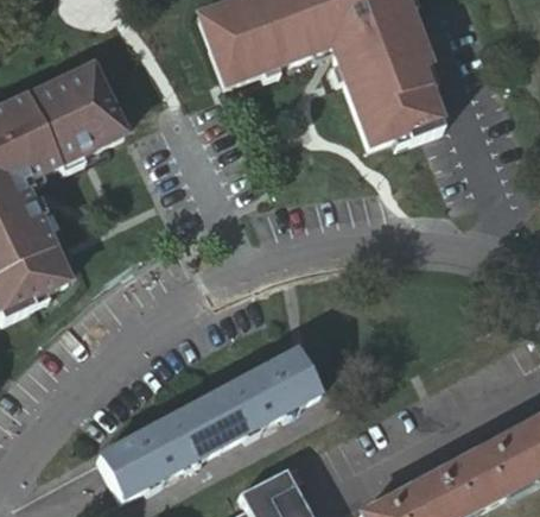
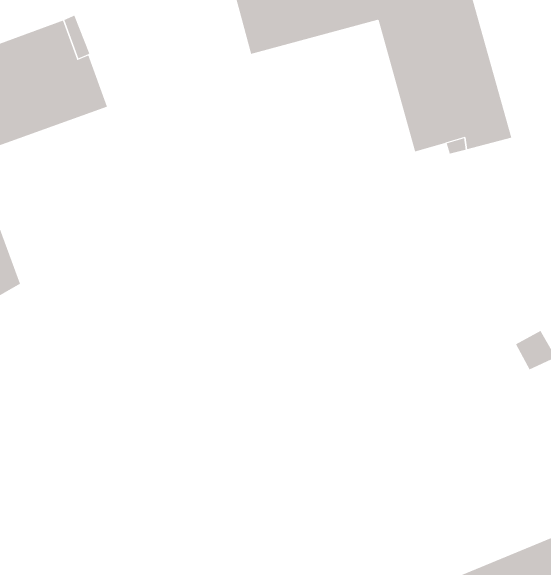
building: [104,347,324,493] -> none

